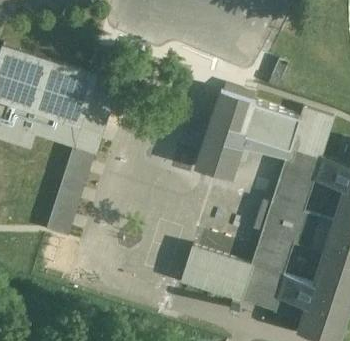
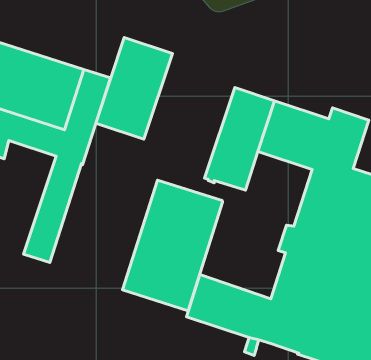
building: none -> [96,37,173,139]
building: none -> [122,180,223,311]

